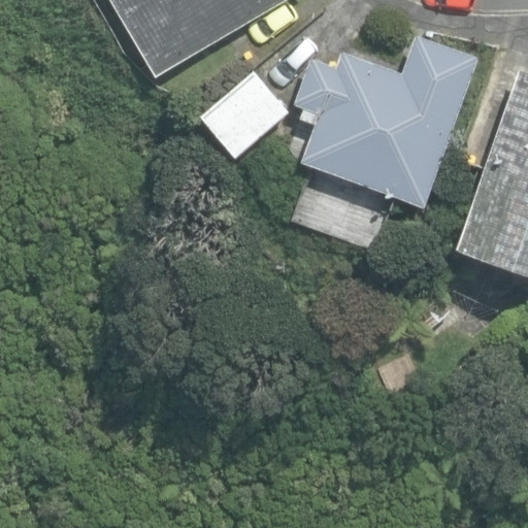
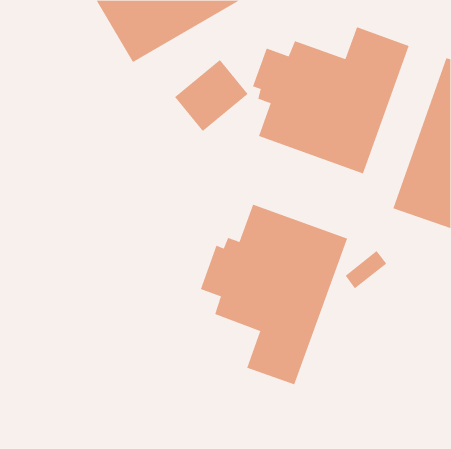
building: none -> [200,204,348,385]

